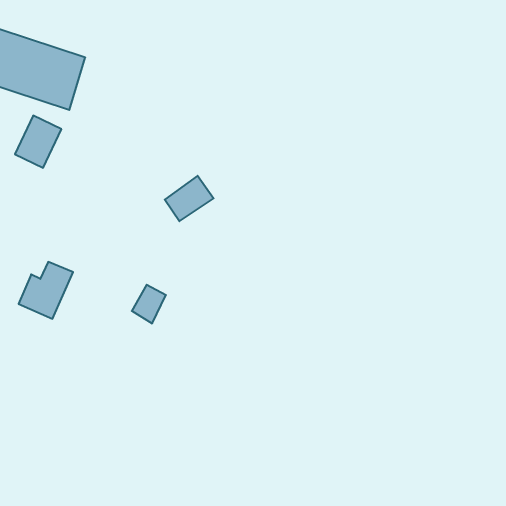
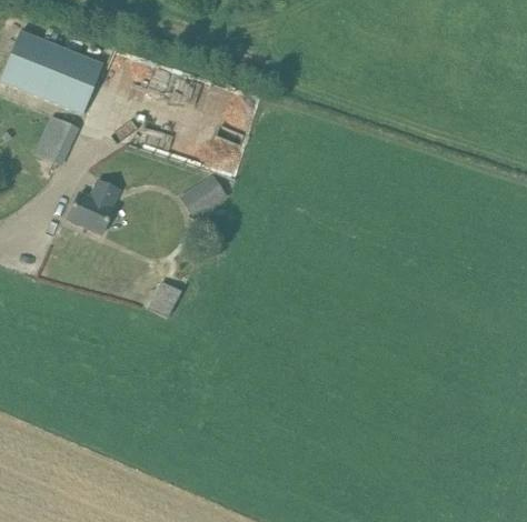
building: [19,262,73,319] -> [68,180,121,235]

